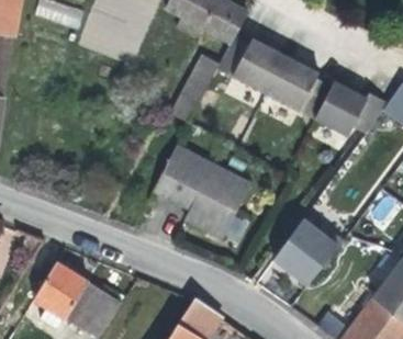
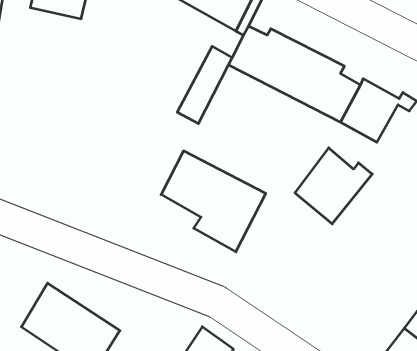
building: [275,218,343,285] -> [295,148,372,224]

